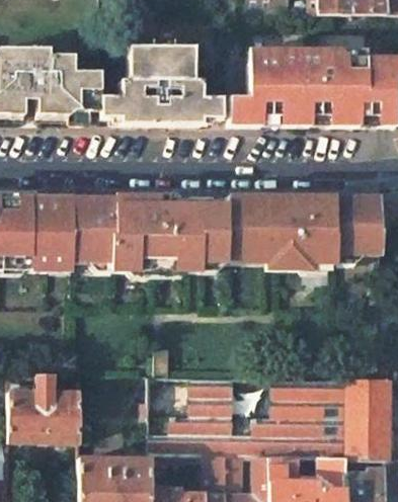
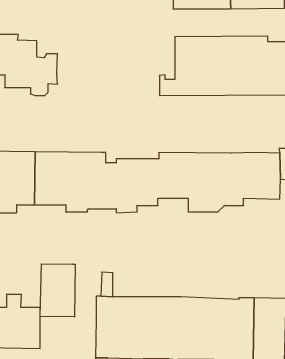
building: [100,46,222,124] -> none
building: none -> [40,264,75,317]

